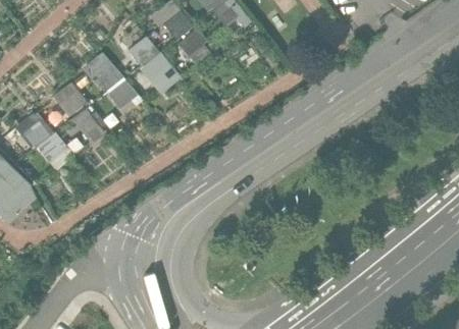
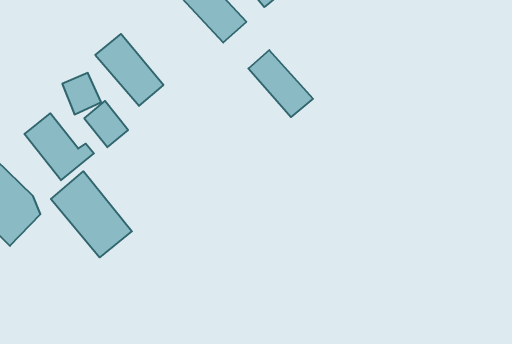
building: [125,34,180,90] -> [248,50,313,117]
building: none -> [51,171,132,257]

